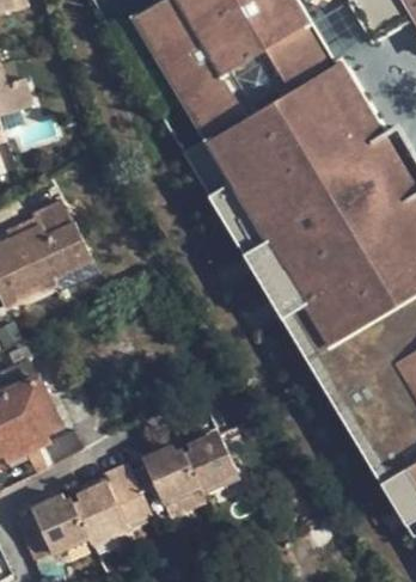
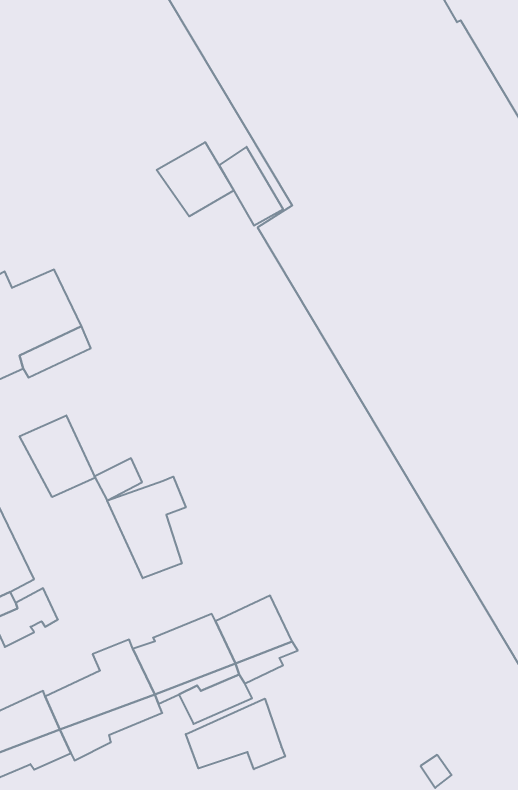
building: none -> [157,142,234,216]
building: none -> [20,415,95,497]
building: none -> [107,477,186,578]
building: none -> [186,699,285,769]

